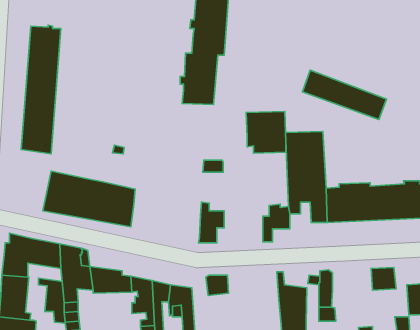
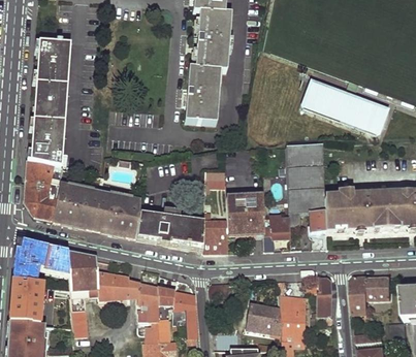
building: [246,111,286,153] -> [225,194,263,234]
building: none -> [23,160,63,219]
building: none -> [136,207,203,245]
building: none -> [350,274,369,311]
building: none -> [248,301,281,328]

